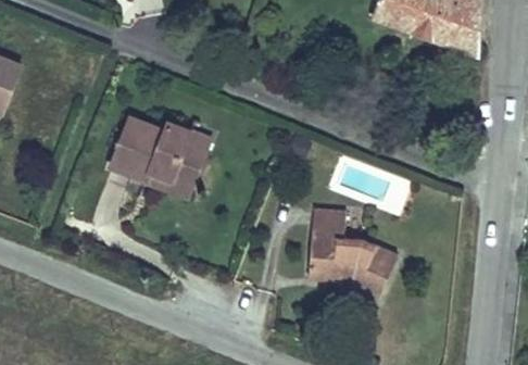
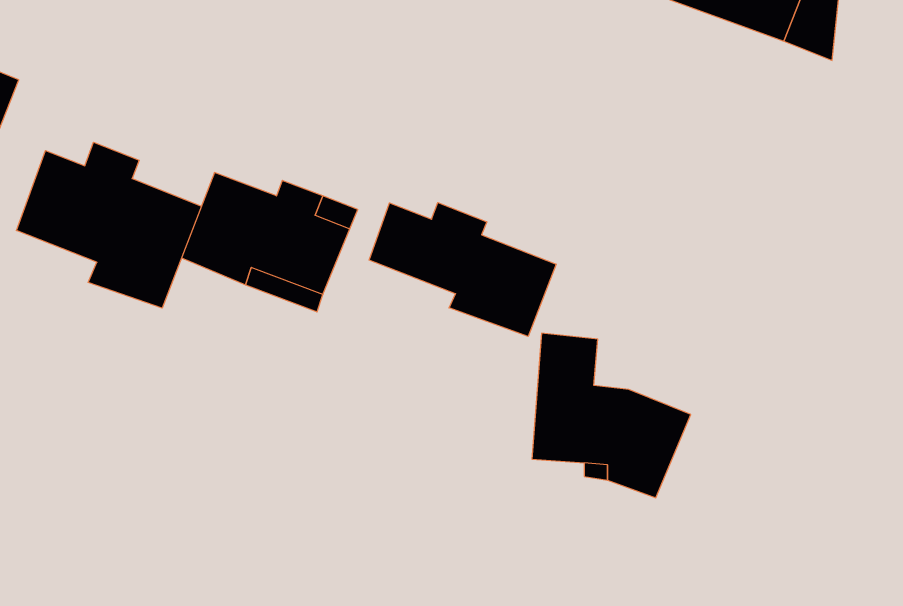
building: none -> [16,142,201,308]
building: none -> [369,203,556,336]

